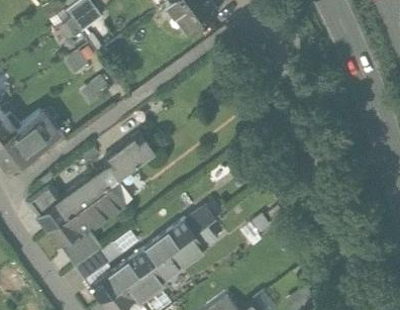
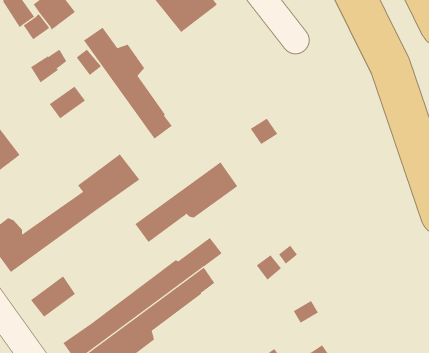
building: none -> [83,27,172,140]
building: [47,179,132,245] -> [135,161,238,243]
building: [75,241,118,288] -> none

